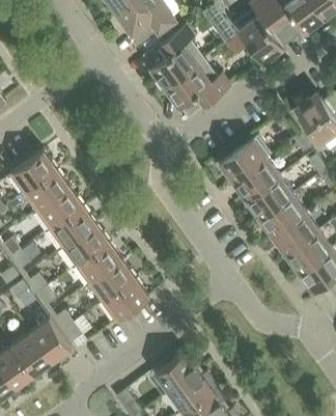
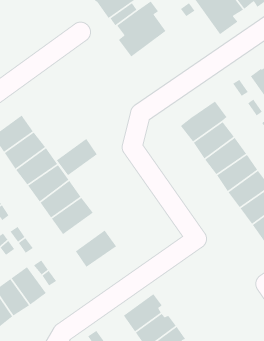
building: [164,58,230,113] -> none
building: [88,259,135,302] -> [56,138,98,176]

